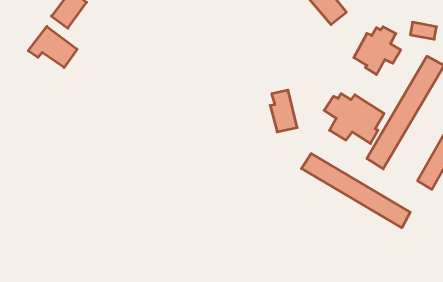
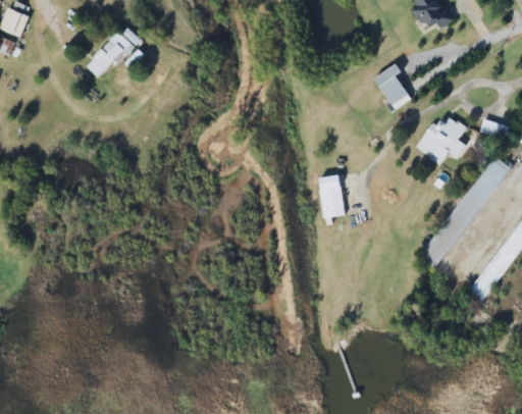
building: [28,26,77,68] -> none
building: [324,94,384,144] -> none
building: [301,154,410,228] -> none

